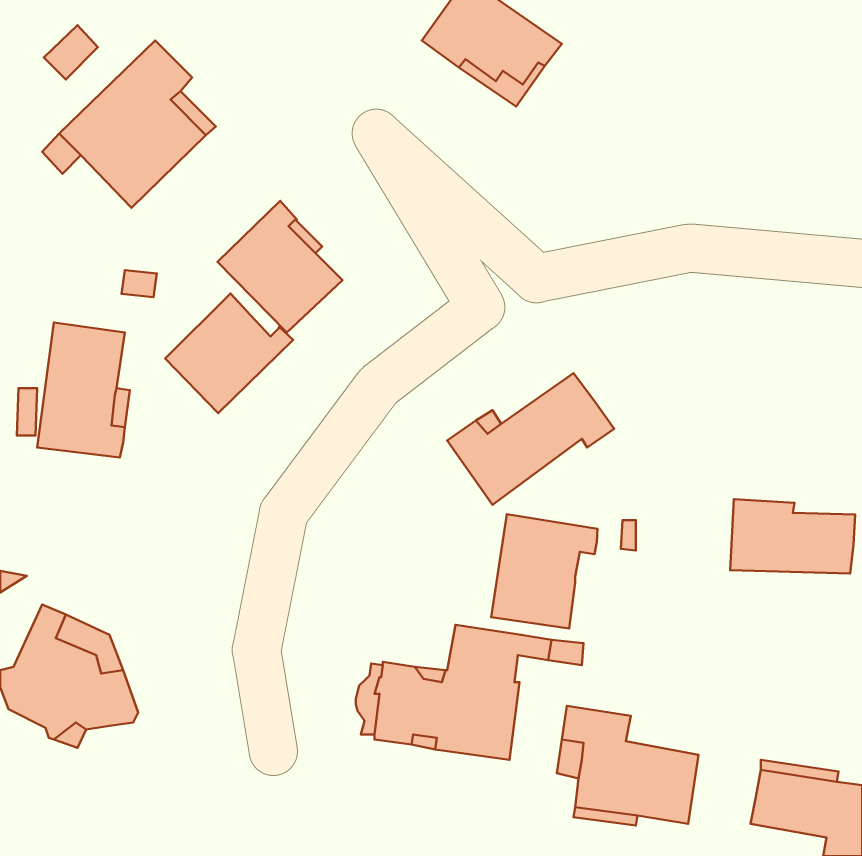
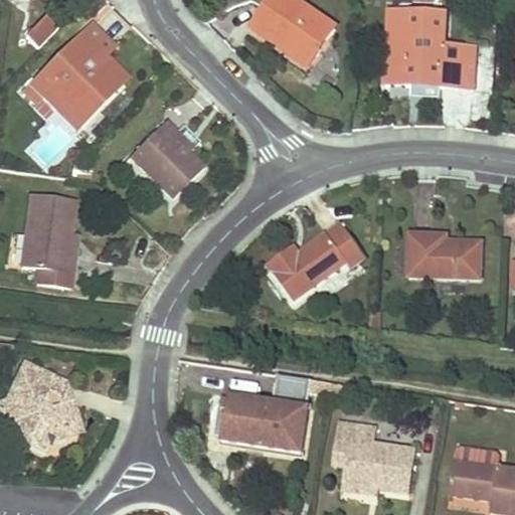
building: none -> [383,9,475,87]
building: [165,294,293,413] -> none
building: [730,499,855,574] -> [408,232,483,277]
building: [491,514,597,629] -> none

